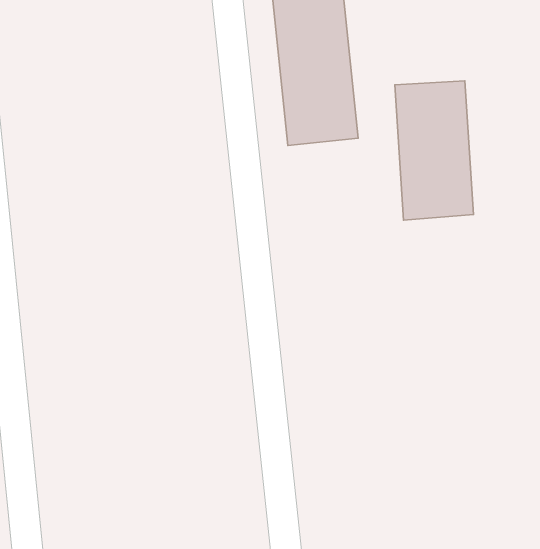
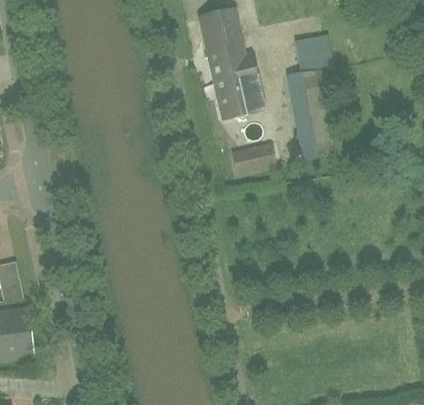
building: none -> [298,33,331,68]
building: none -> [232,142,275,171]

